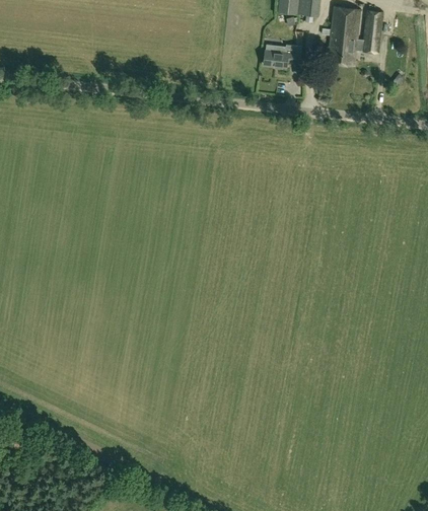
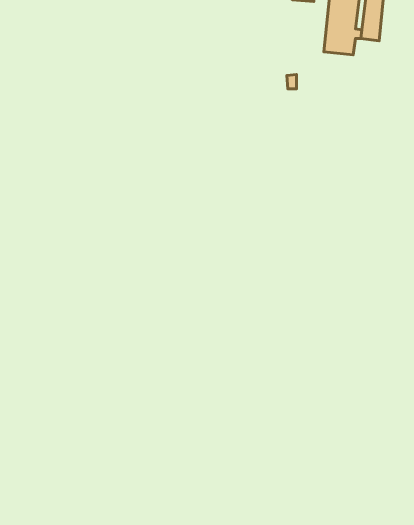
building: [263,44,301,69] -> none

